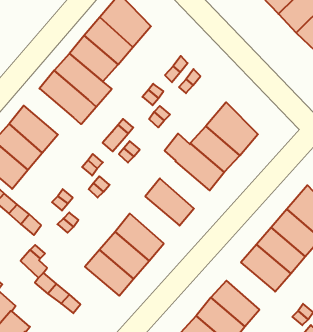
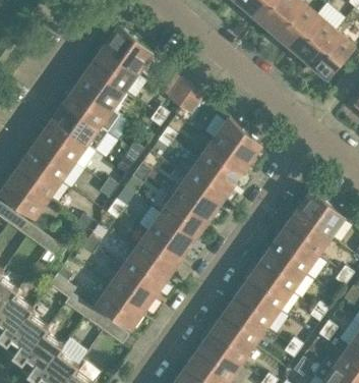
building: none -> [39,121,86,163]
building: none -> [173,178,221,221]
building: none -> [147,214,195,257]
building: none -> [244,268,291,311]
building: none -> [97,285,144,329]

